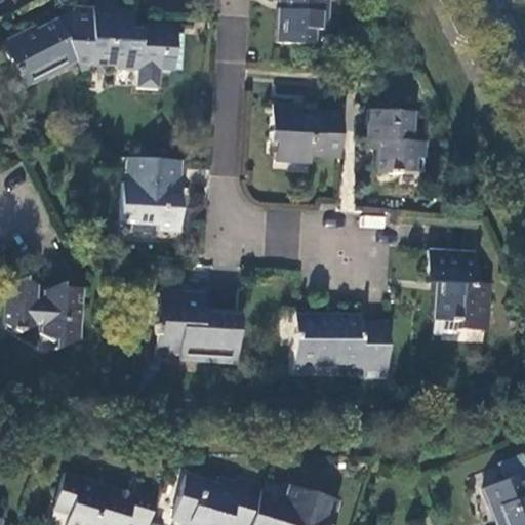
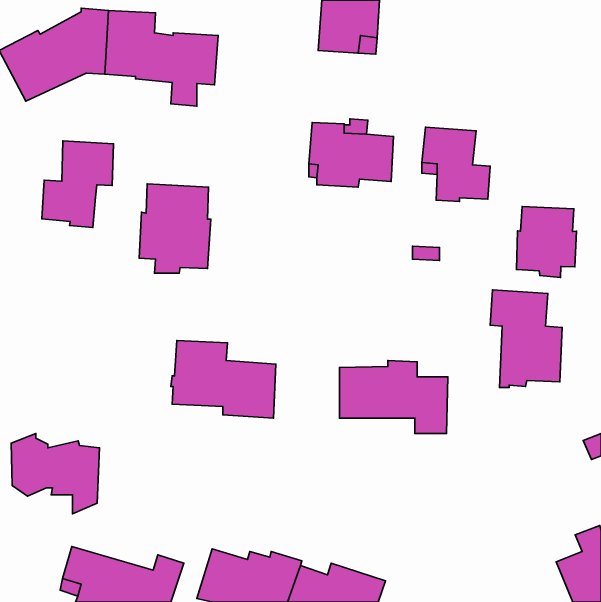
building: none -> [42,141,113,228]
building: none -> [516,206,577,278]
building: [5,280,82,350] -> [11,434,100,514]

